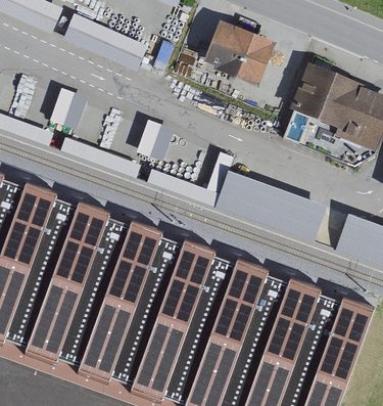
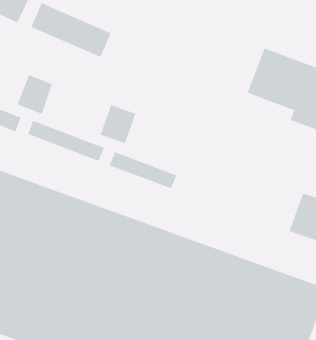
building: [202,17,274,82] -> none
building: [212,168,326,241] -> none

